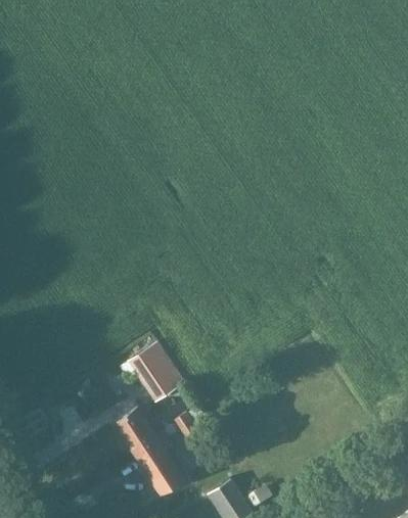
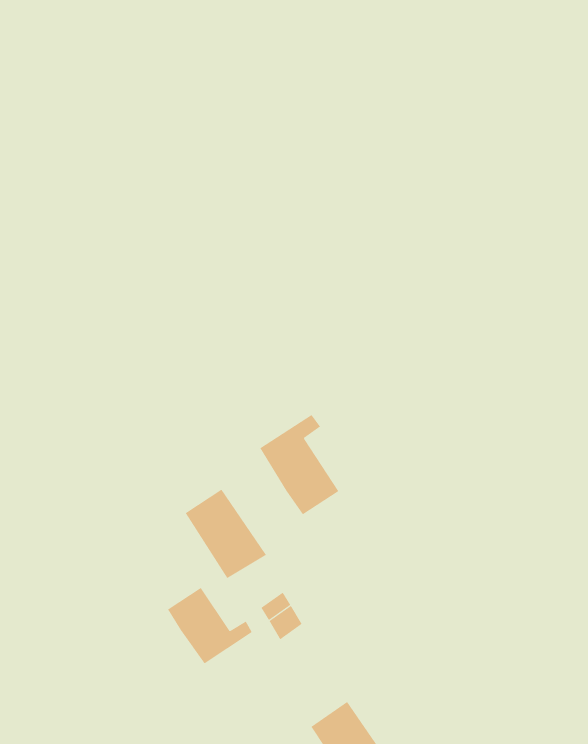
building: none -> [260,414,339,515]
building: [139,436,186,496] -> none

